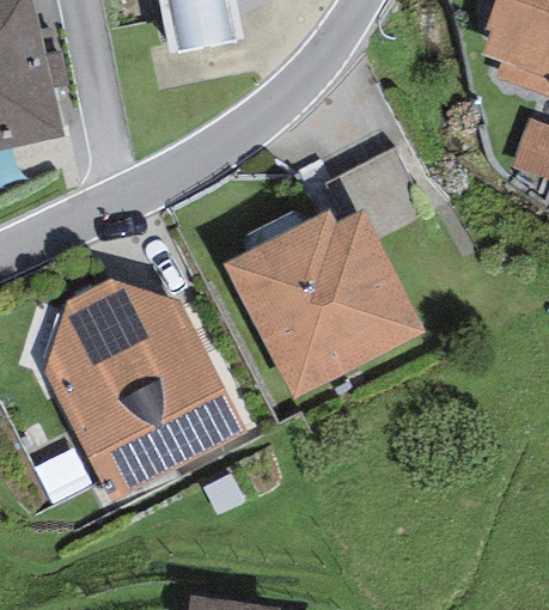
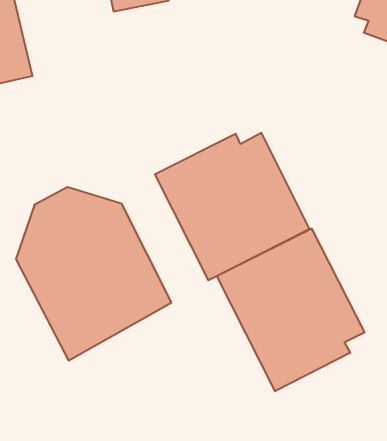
building: none -> [217,229,364,391]

